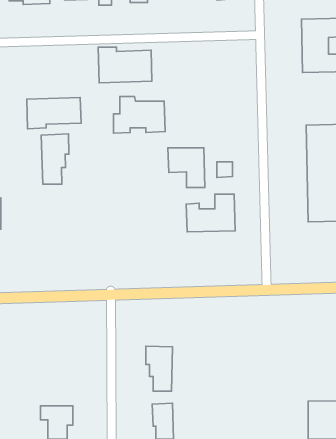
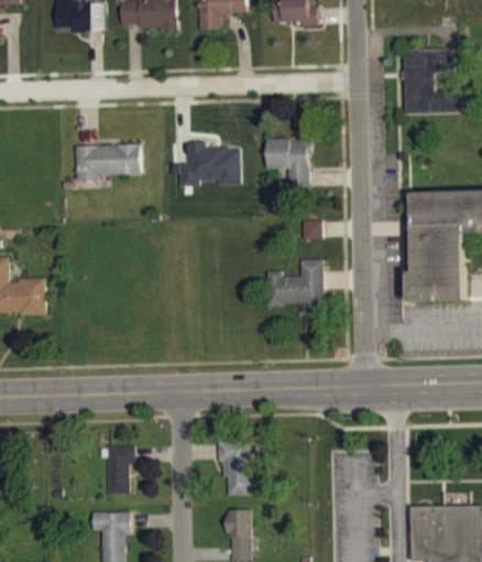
building: [98,47,152,83] -> none
building: [41,134,69,184] -> none
building: [168,148,205,187] -> [266,140,310,187]
building: none -> [107,446,135,495]

